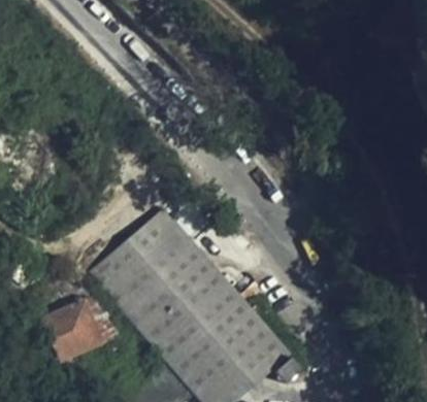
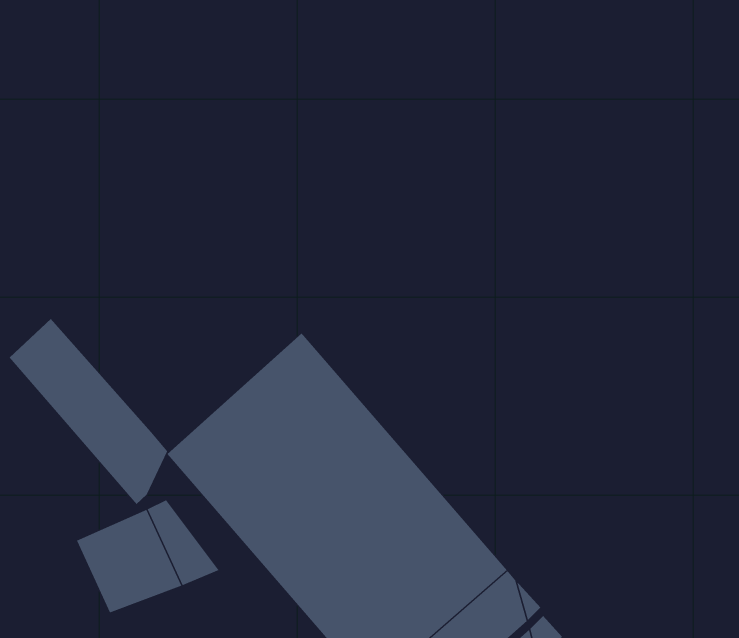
building: none -> [9,318,168,505]

